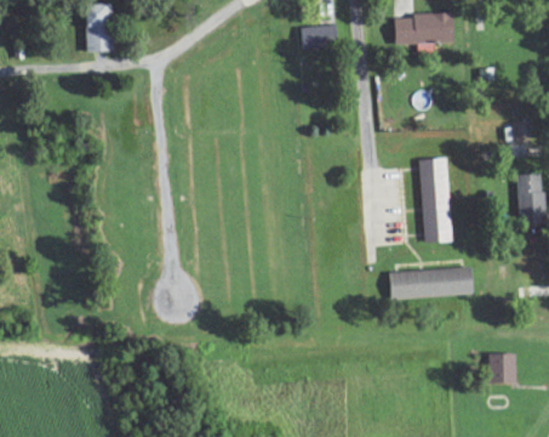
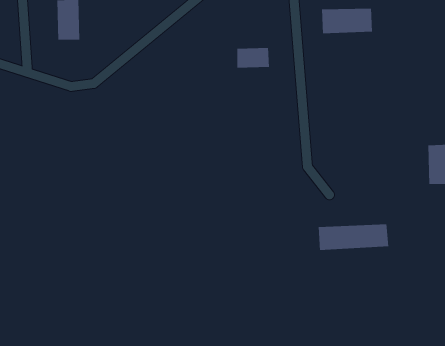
building: [302,25,341,50] -> [237,48,270,68]
building: [421,159,452,243] -> none
building: [488,353,516,385] -> none

